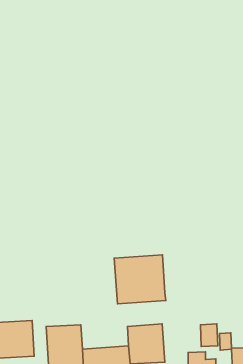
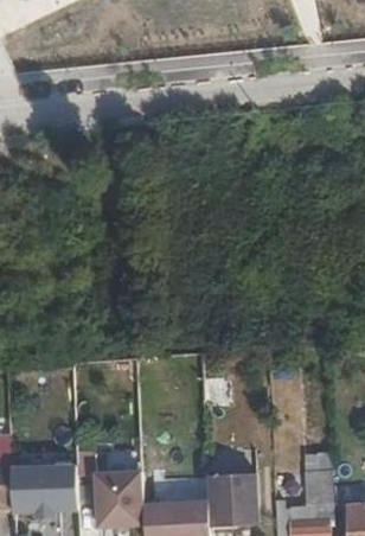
building: [114,255,166,304] -> none

